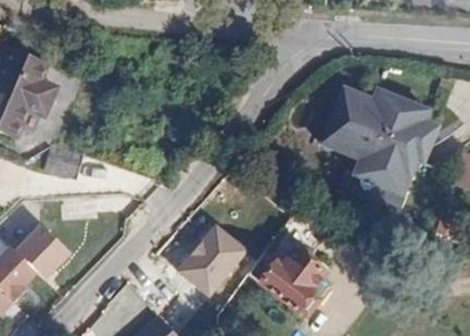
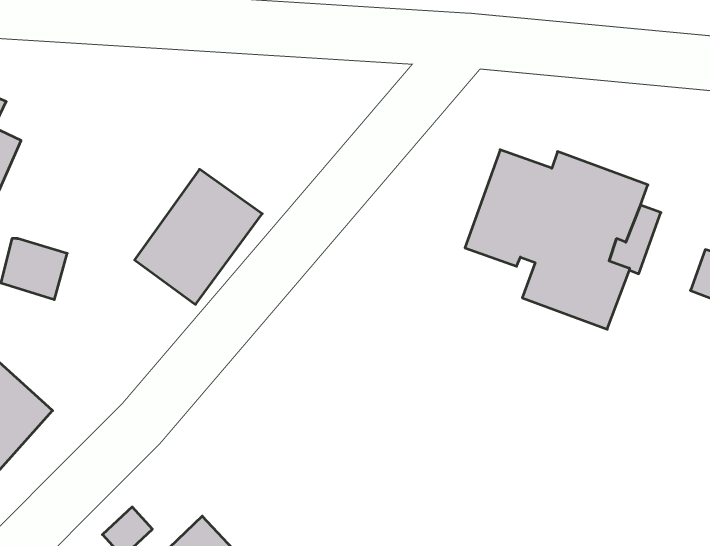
building: [180,219,255,298] -> [135,169,262,304]
building: [257,250,320,314] -> none

